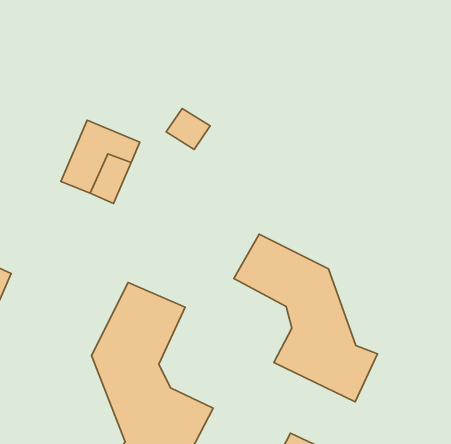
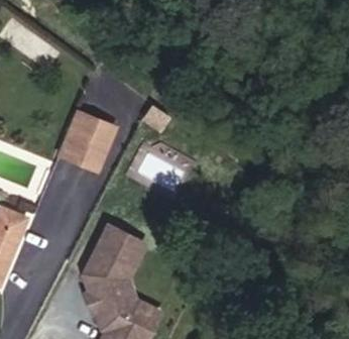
building: [234,234,377,402] -> none

